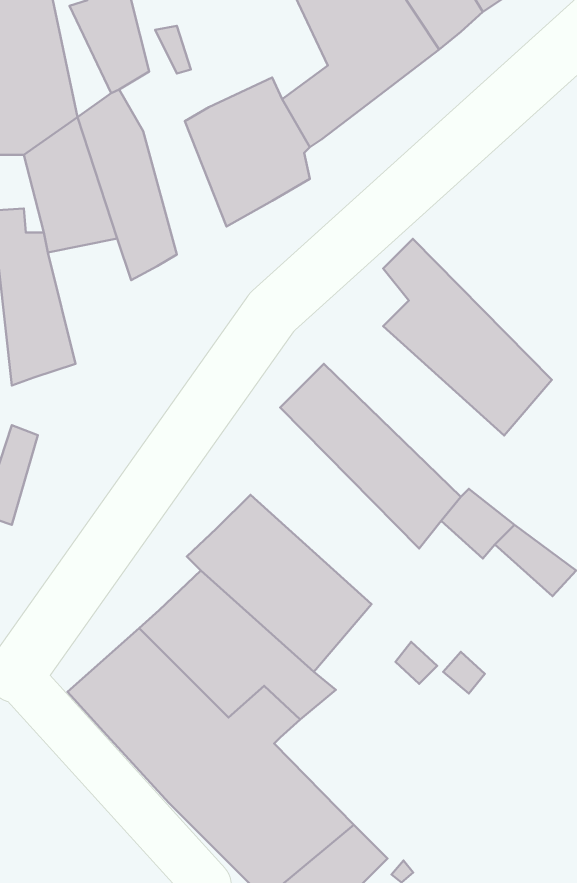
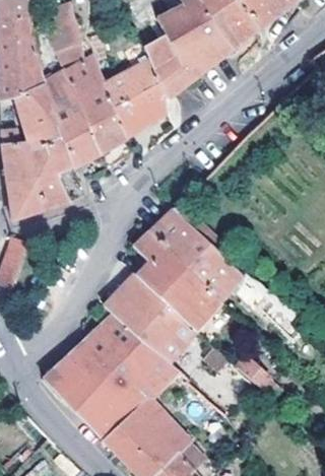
building: none -> [68,54,123,151]
building: none -> [31,143,74,207]
building: [383,239,552,436] -> [135,229,221,330]

